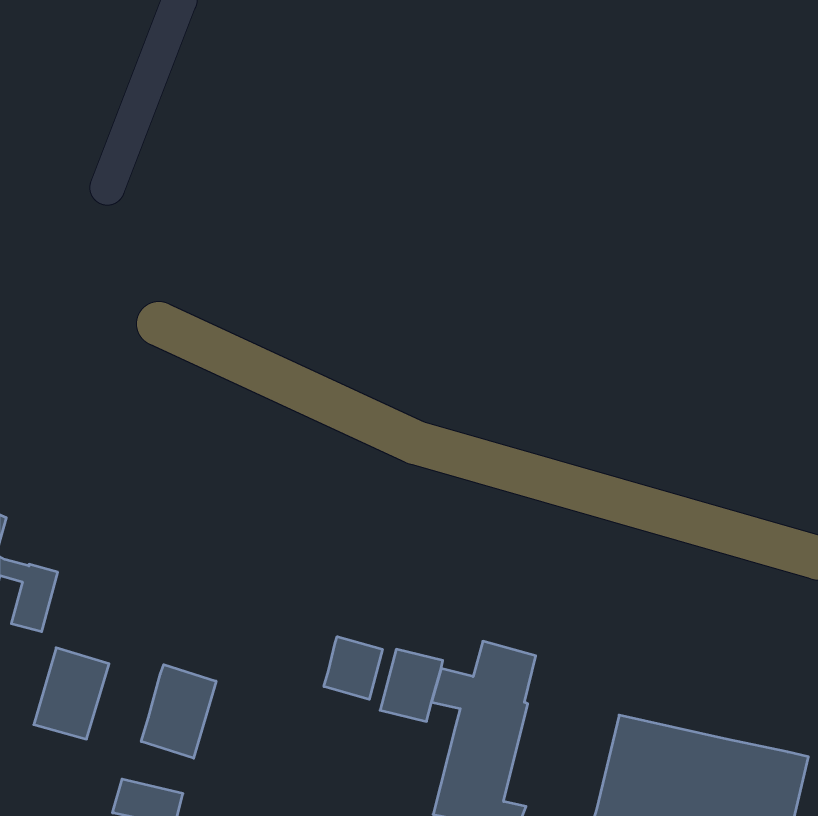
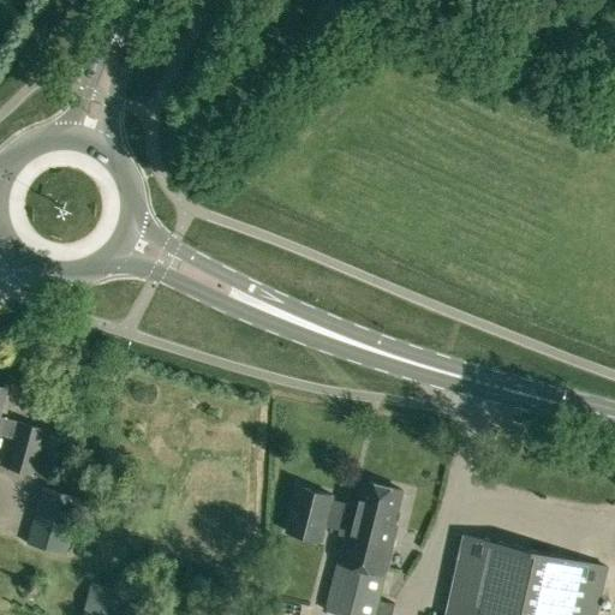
building: [324,637,382,699] -> none
building: [141,665,216,758] -> none

